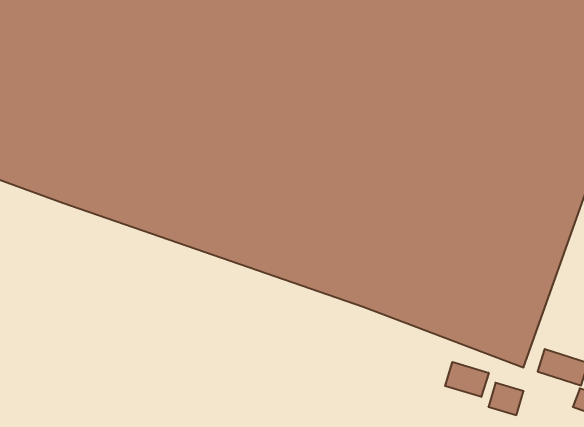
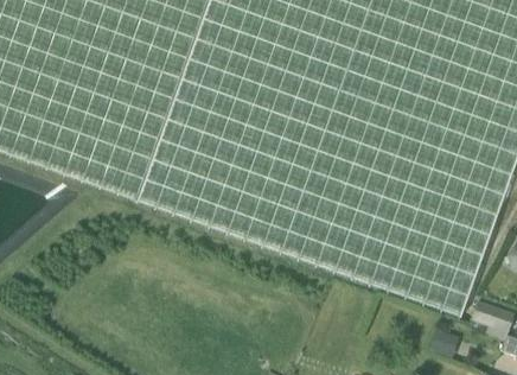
building: [445,362,489,397] -> none

